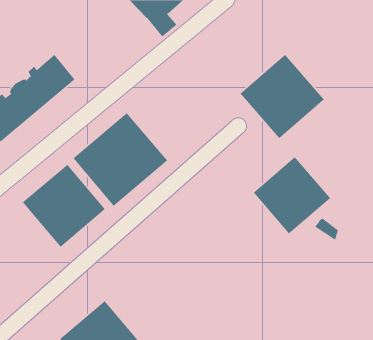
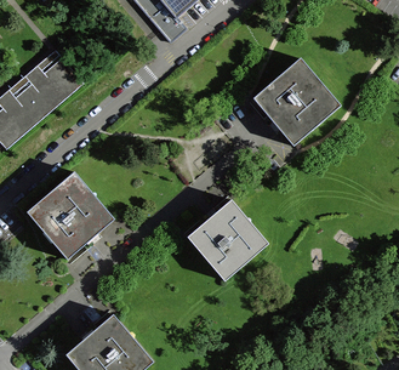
building: [72,112,168,207] -> none
building: [253,156,331,234] -> [187,199,268,280]

